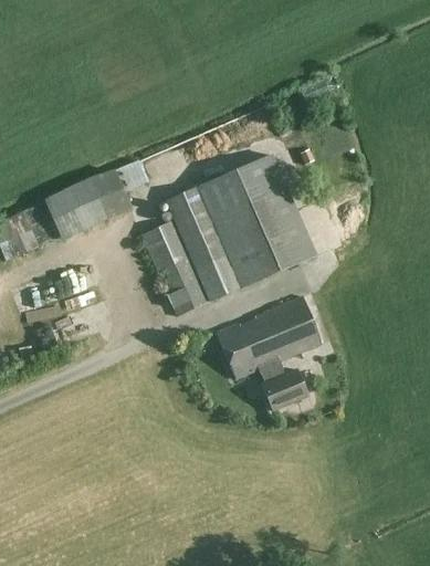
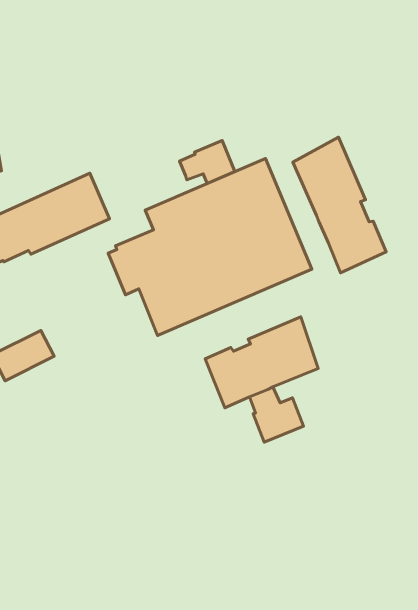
building: none -> [293,137,386,273]
building: none -> [179,140,235,183]

